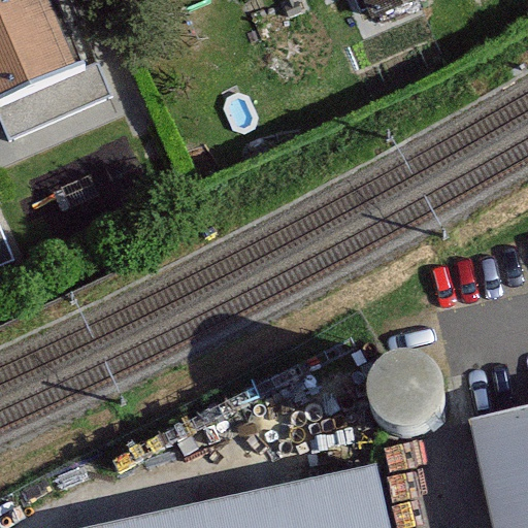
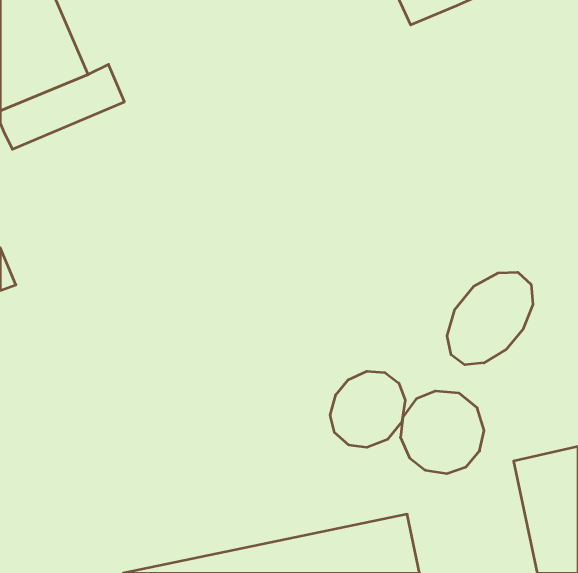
building: none -> [447,272,533,365]
building: none -> [330,371,405,447]

